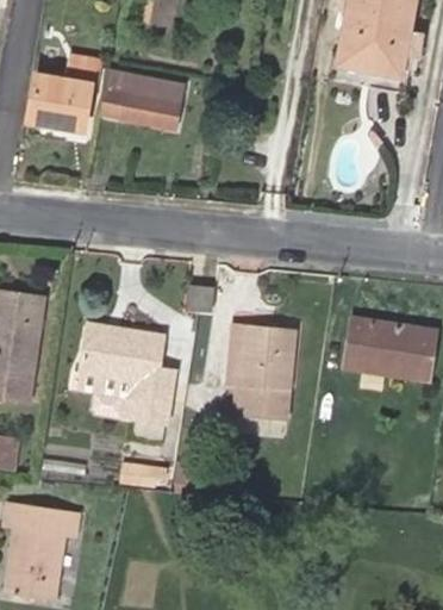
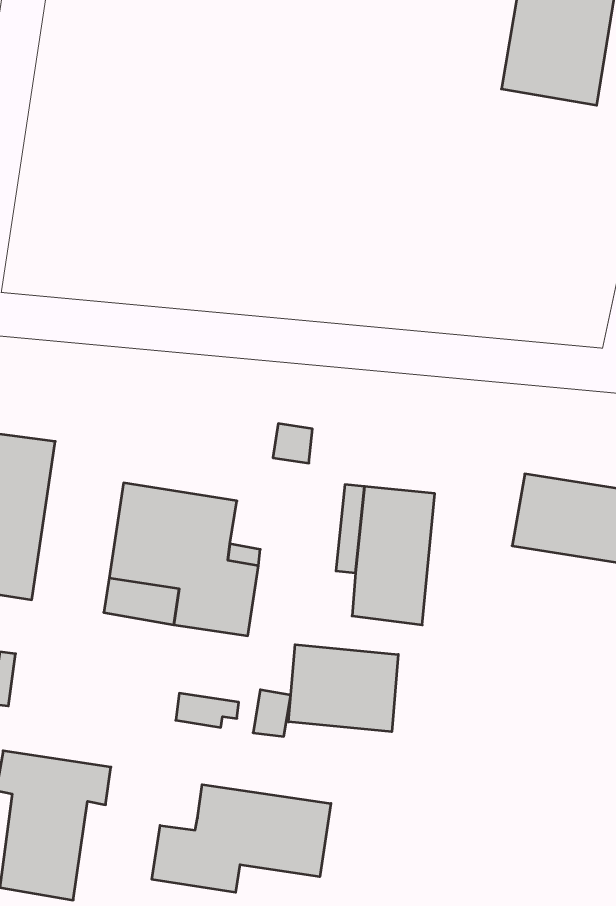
building: [29,55,100,127] -> none
building: [101,70,183,127] -> none
building: none -> [289,645,398,732]
building: none -> [152,785,331,892]

